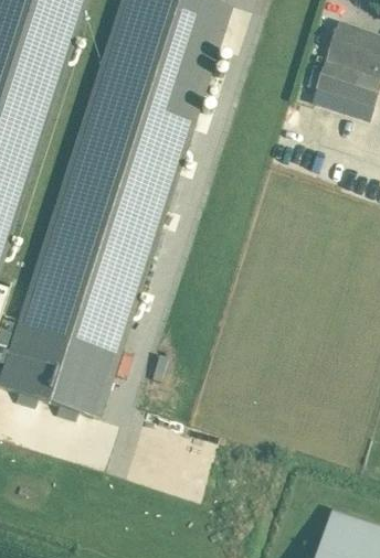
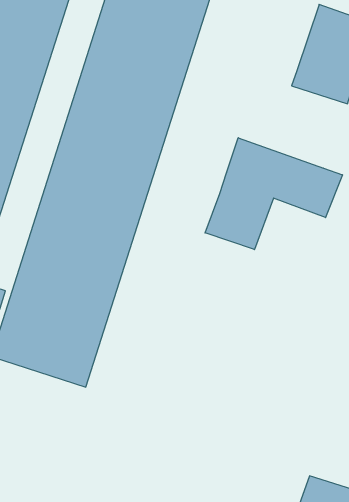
building: none -> [205,138,342,250]

